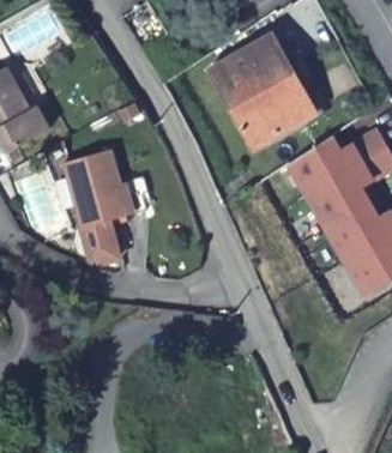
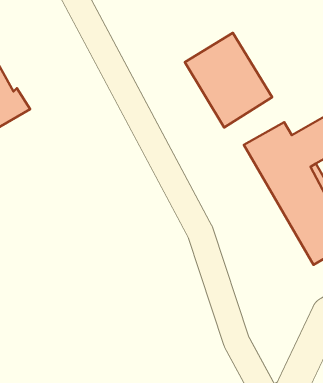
building: [64,147,143,258] -> none

